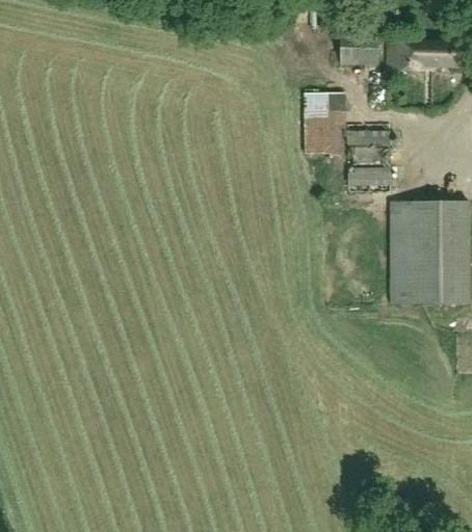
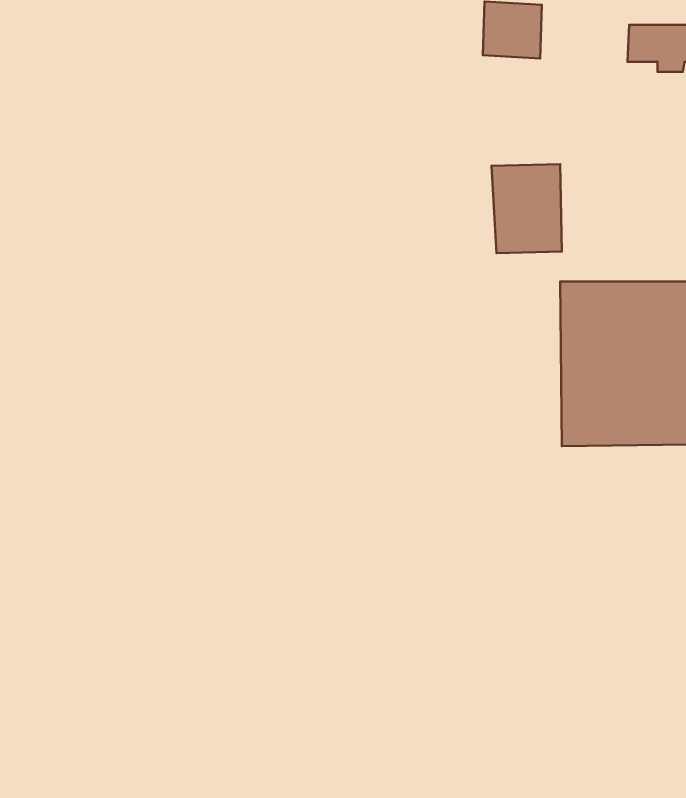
building: [387,42,432,72] -> none
building: [304,91,346,153] -> none

